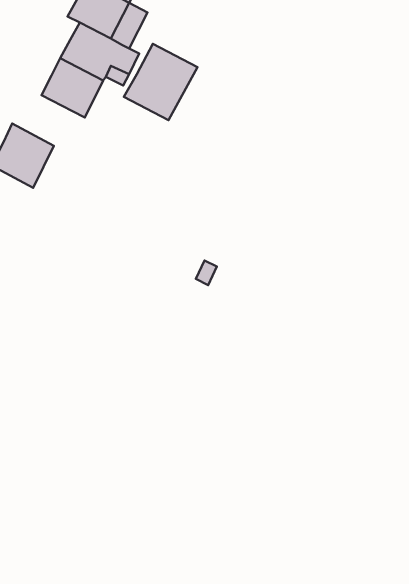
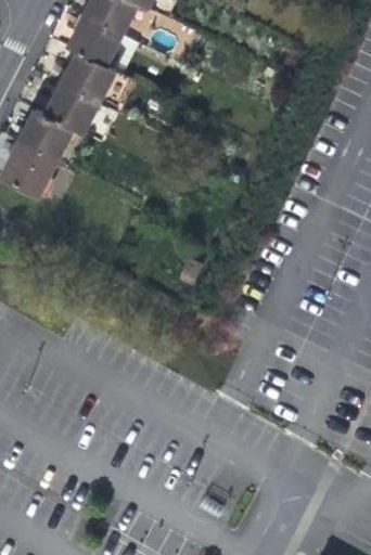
building: [124,44,197,120] -> none
building: none -> [17,109,71,159]

